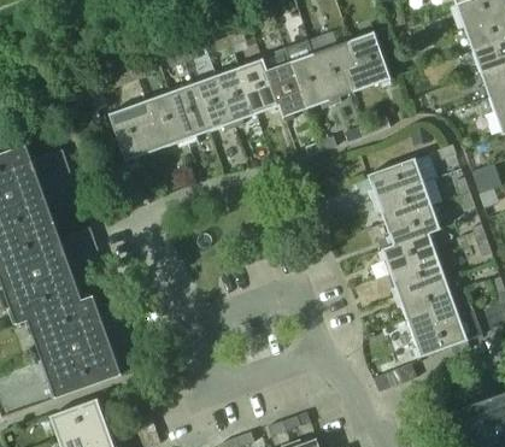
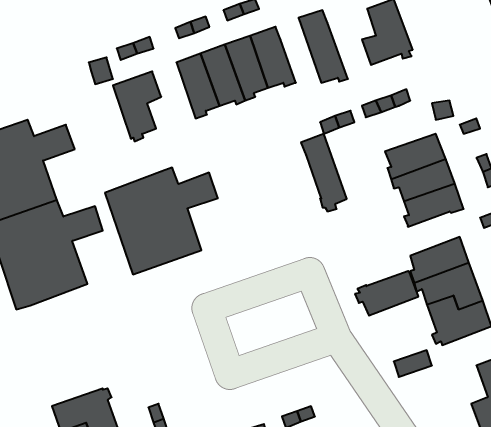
building: [311,40,357,106] -> none
building: [262,48,305,122] -> [301,134,347,211]
building: [140,90,186,153] -> none
building: [376,231,436,274] -> [355,271,418,316]
building: [29,296,136,398] -> [105,168,218,274]

